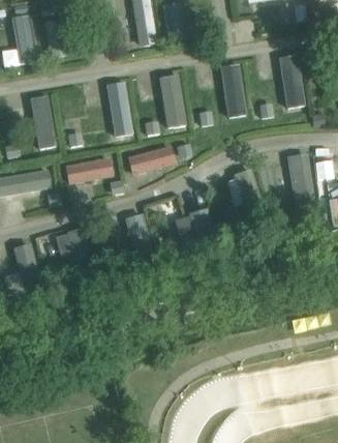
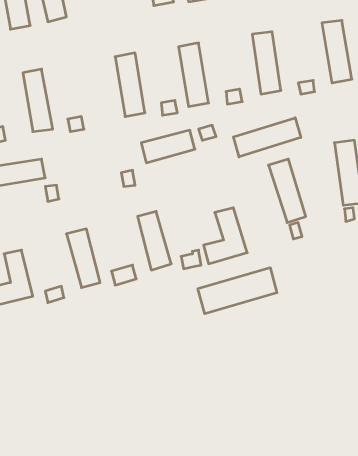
building: none -> [233,118,301,157]
building: [66,157,111,182] -> none
building: none -> [198,268,277,314]

